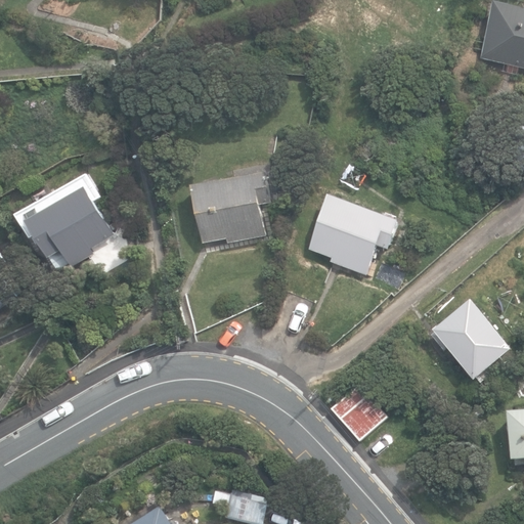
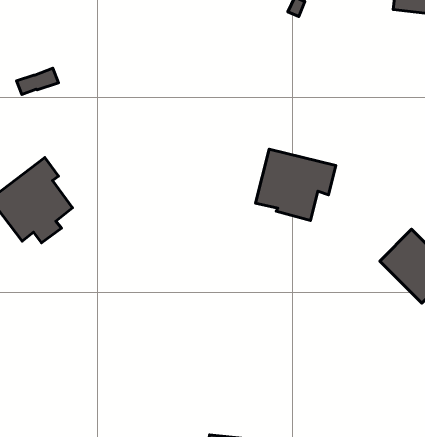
building: [190,173,269,244] -> none
building: [328,379,386,438] -> none

